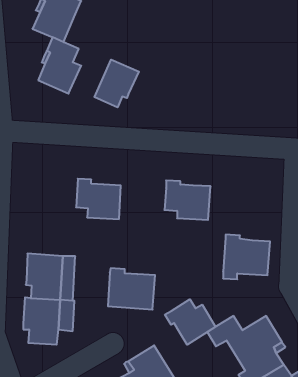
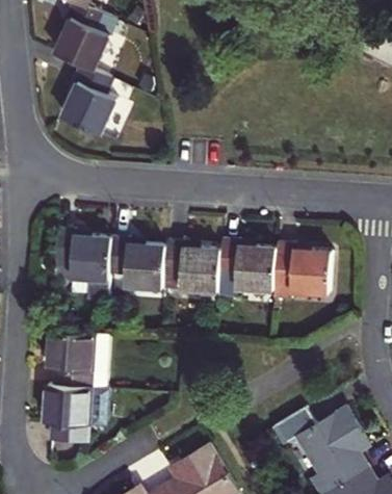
building: [94,60,139,107] -> none
building: none -> [54,230,112,302]
building: [223,235,270,279] -> [273,243,332,298]
building: [108,268,155,310] -> [163,241,221,292]
building: [165,299,215,345] -> none

